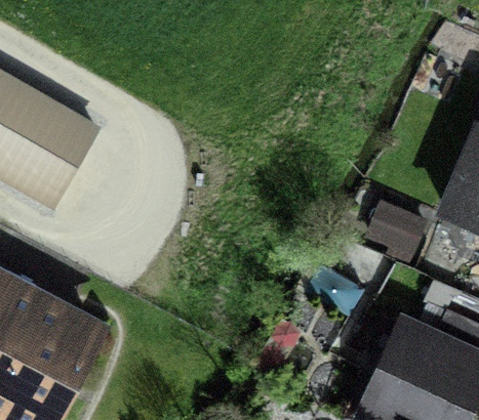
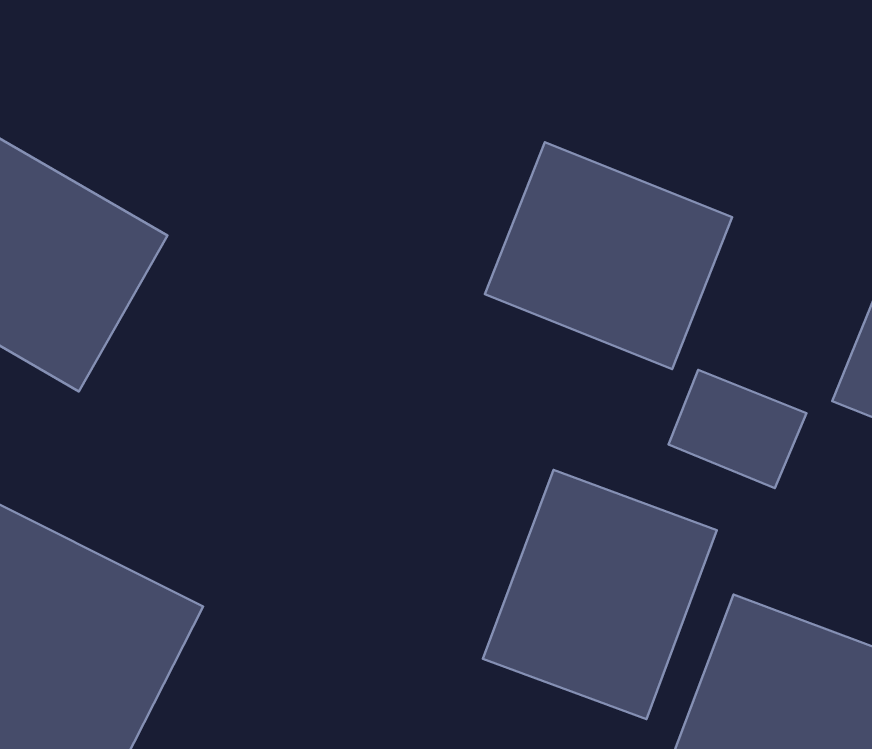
building: none -> [485,142,732,369]
building: none -> [483,470,717,719]

